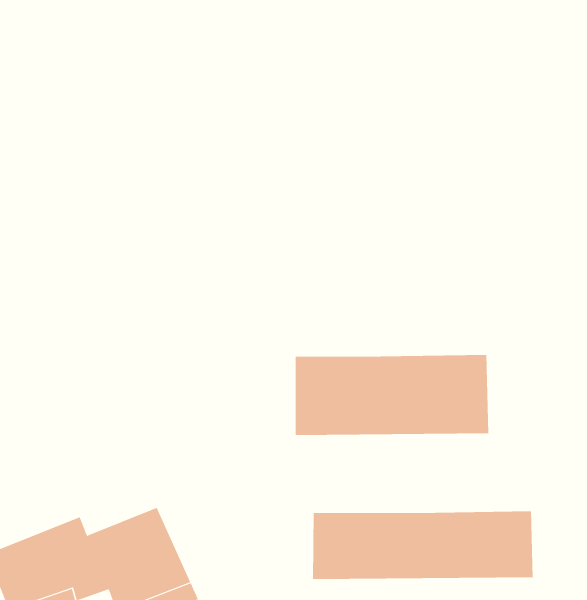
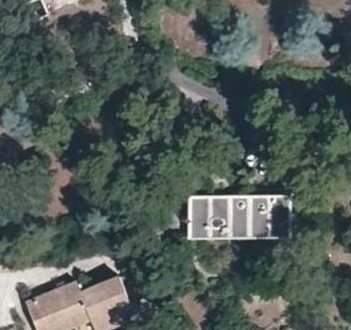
building: [313,510,533,580] -> none

